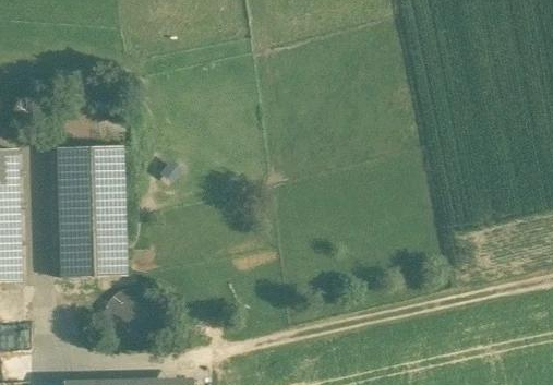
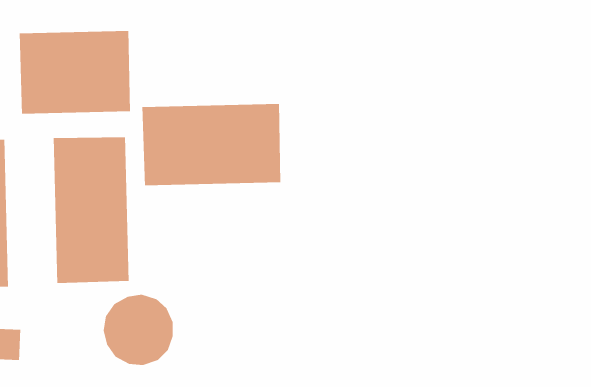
building: none -> [19,30,131,114]
building: none -> [142,103,281,186]

